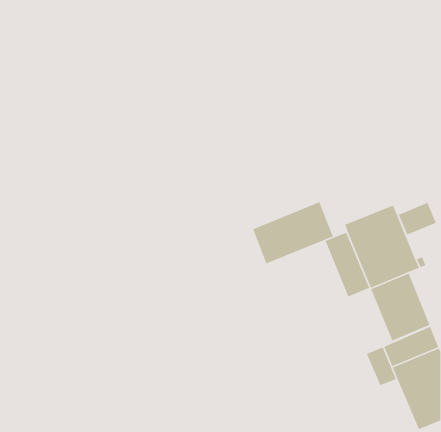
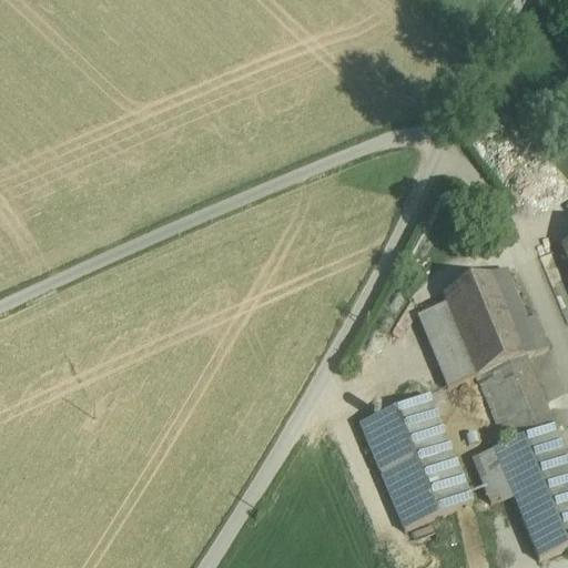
building: [252,201,334,264] -> none
building: [398,202,437,235] -> none
building: none -> [359,390,473,526]

